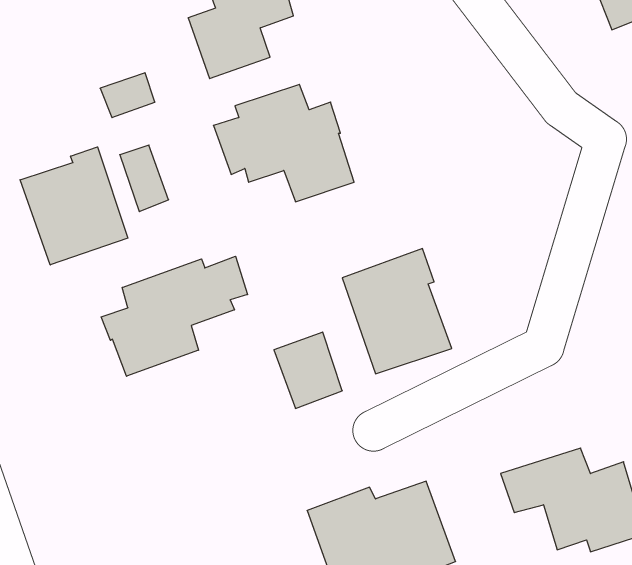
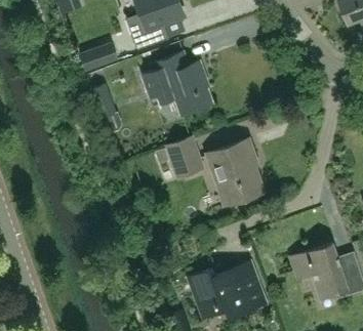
building: [20,147,128,265] -> none
building: [101,256,248,376] -> none
building: [274,332,342,408] -> [166,137,202,177]

